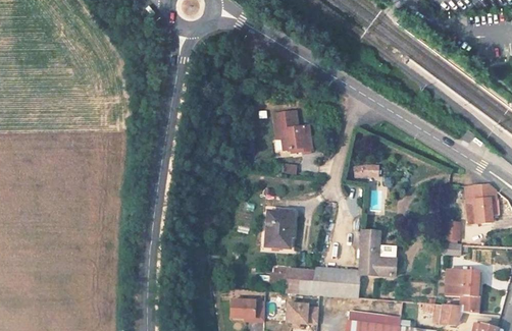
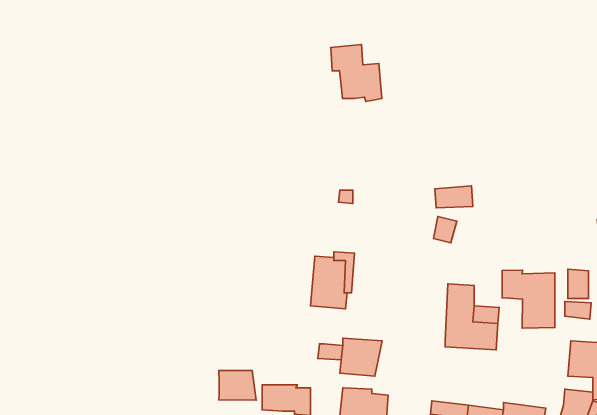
building: [277,111,313,151] -> [331,44,382,101]
building: none -> [502,270,555,328]
building: [310,267,359,297] -> none
building: none -> [219,371,256,400]

